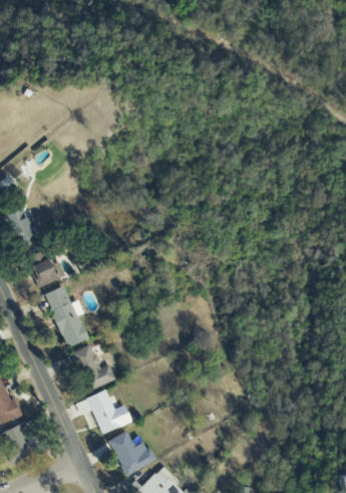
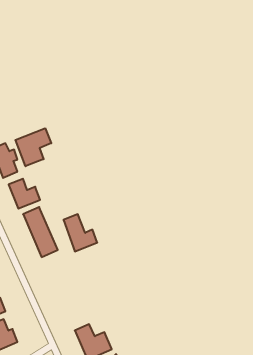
building: none -> [15,128,51,166]
building: [73,344,115,391] -> [63,214,97,251]
building: [75,390,131,434] -> none

